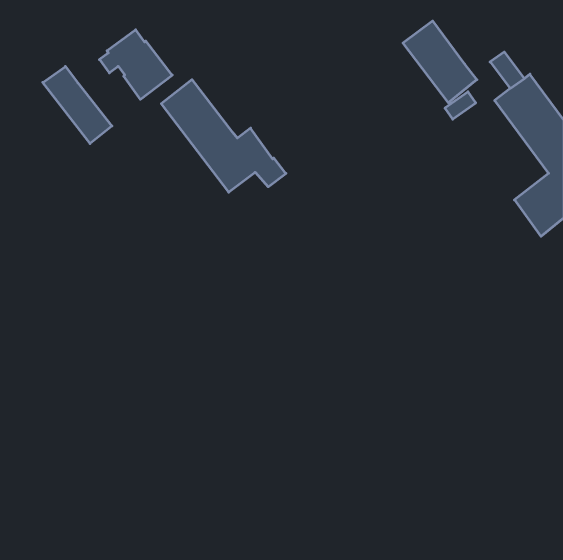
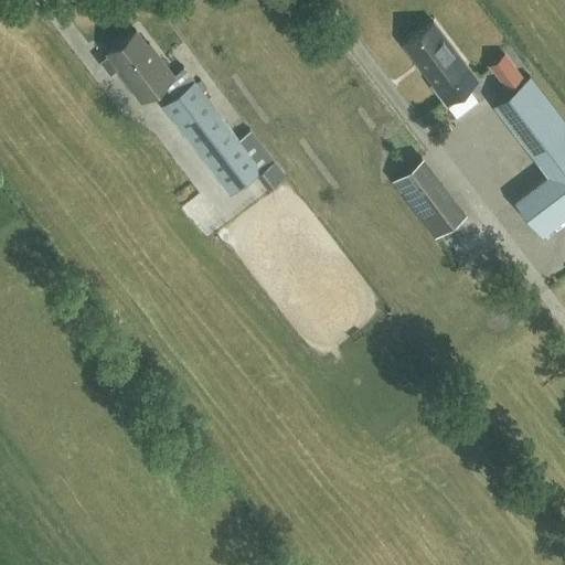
building: [43,66,112,144] -> none
building: none -> [393,159,468,241]

